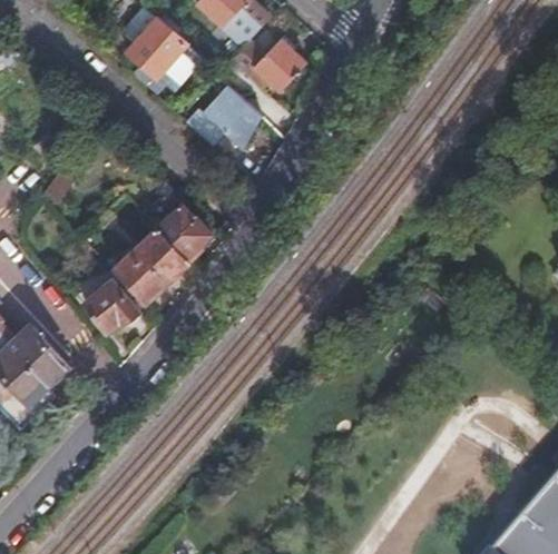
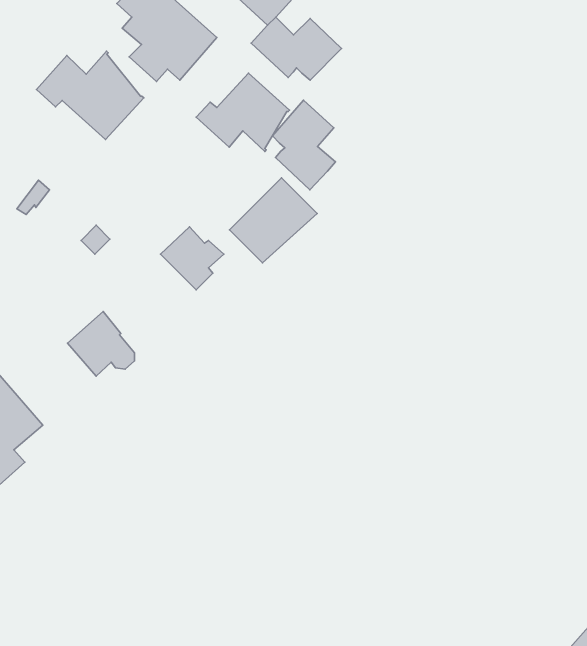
building: none -> [36,51,144,140]
building: none -> [272,100,336,190]
building: [116,231,187,300] -> [230,178,317,263]

